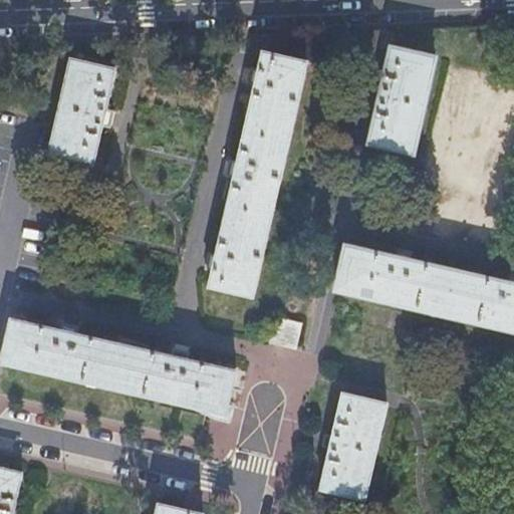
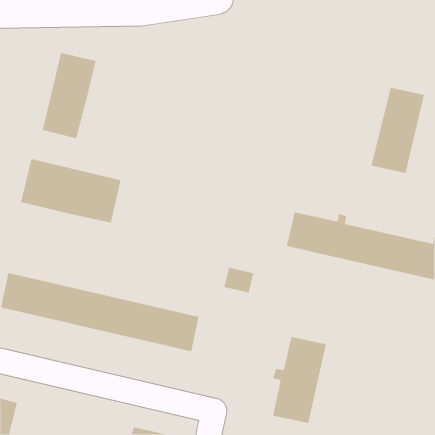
building: [369,50,434,153] -> [370,87,425,174]
building: [211,54,306,297] -> none
building: none -> [20,158,122,223]

